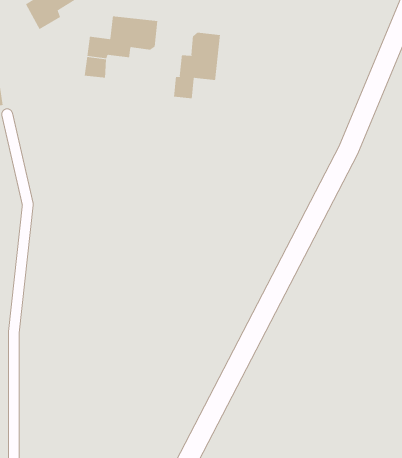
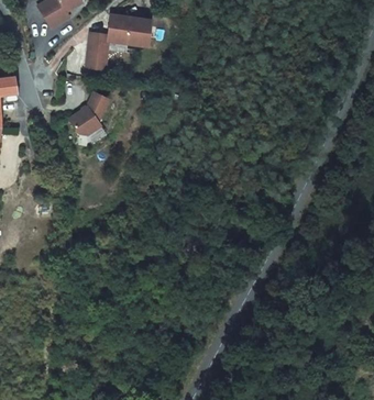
building: [173,32,221,99] -> none
building: none -> [68,92,108,134]

